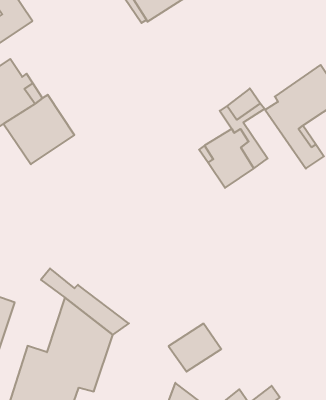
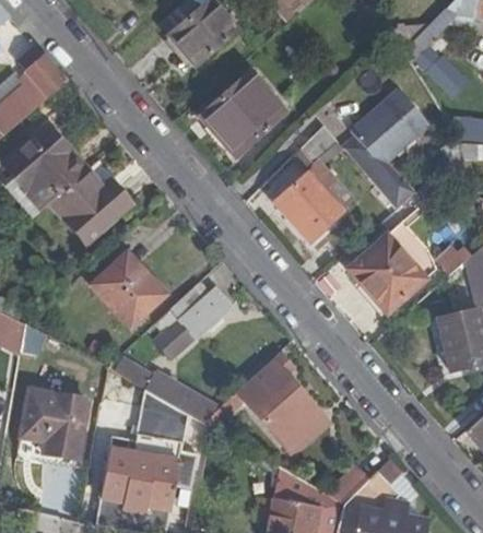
building: none -> [202,72,285,155]
building: none -> [93,253,165,325]
building: none -> [347,235,425,312]
building: none -> [156,282,233,358]
building: none -> [204,360,305,428]

